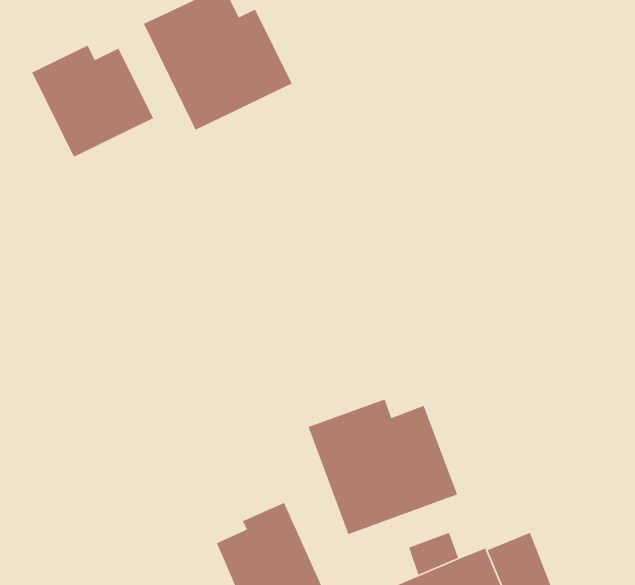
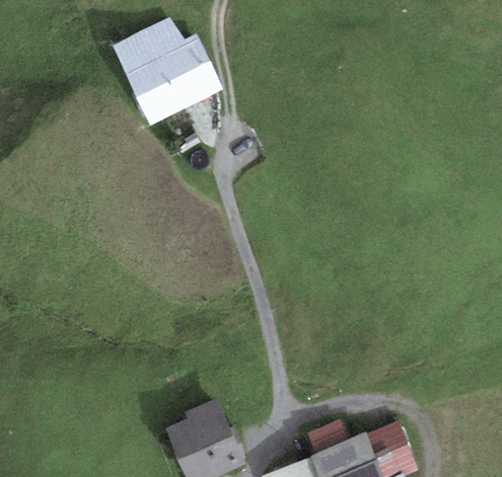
building: [31,45,154,158] -> none
building: [307,398,458,535] -> none

